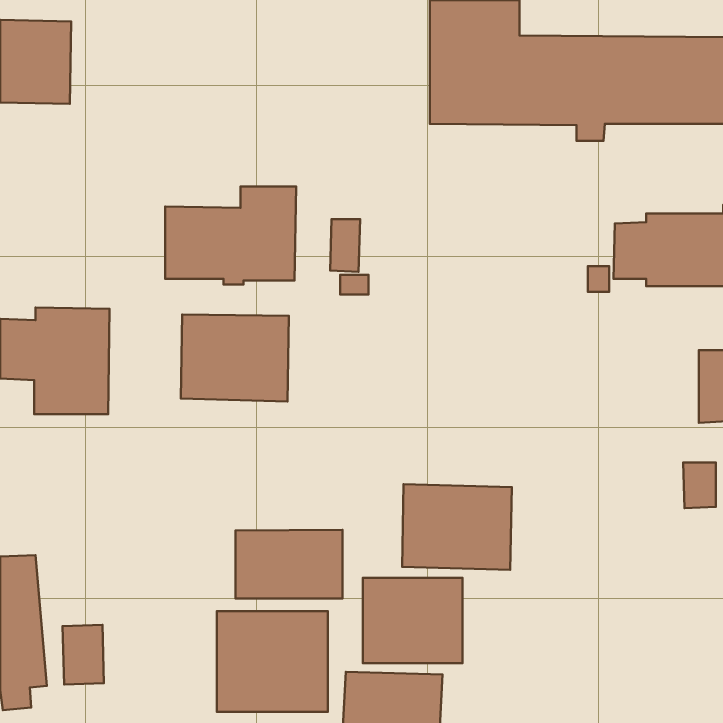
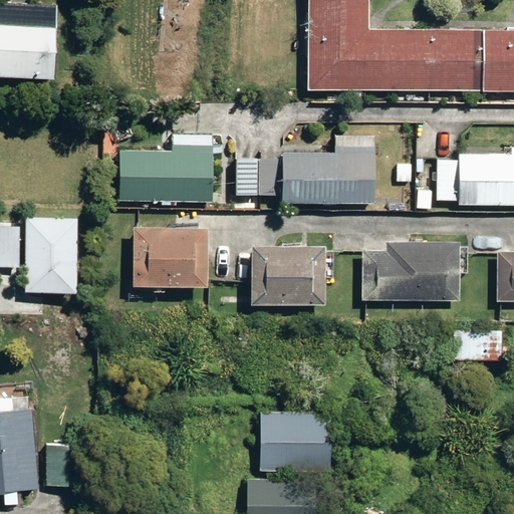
building: none -> [259,145,375,203]
building: none -> [361,241,470,300]
building: [402,484,512,570] -> [249,244,326,304]
building: [236,530,343,599] -> none
building: [217,611,328,712] -> none

